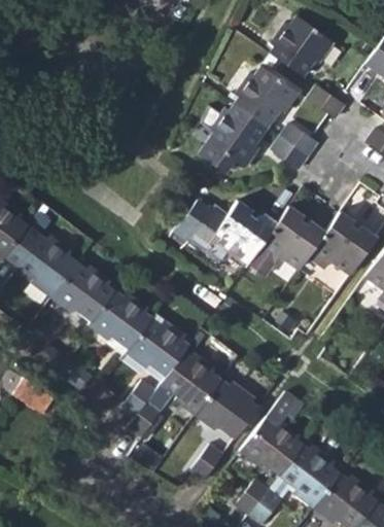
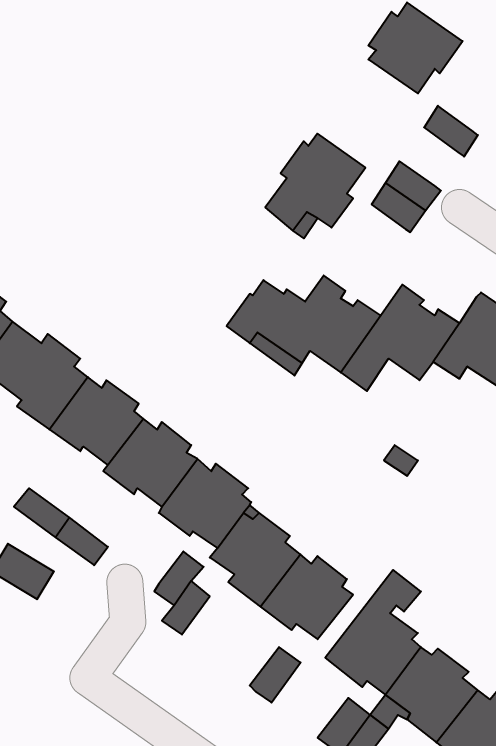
building: [234,66,294,127] -> none

